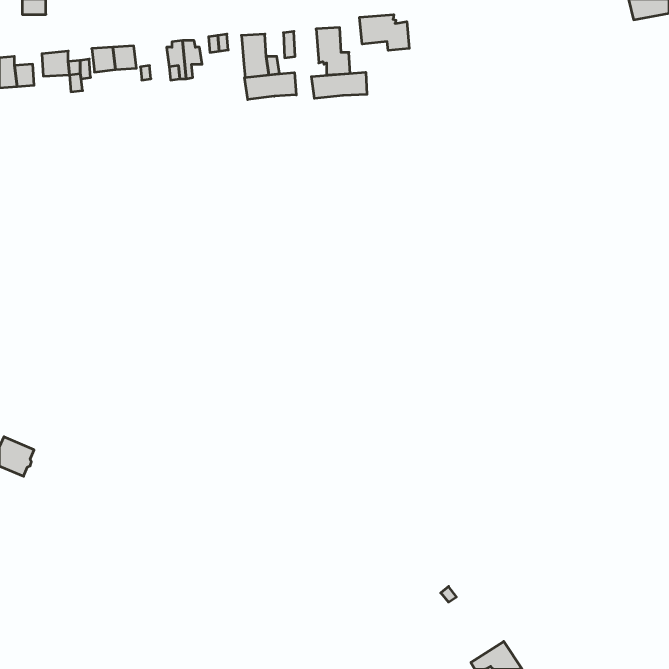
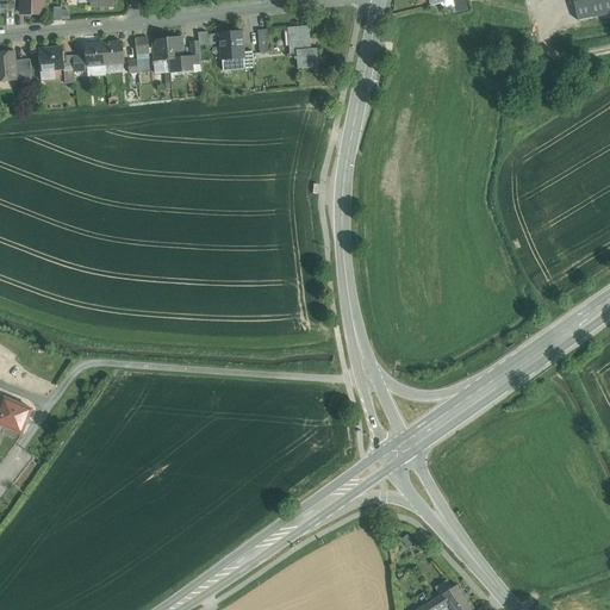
building: [360,15,409,50] -> none
building: [311,72,367,98] -> none
building: [245,73,296,100] -> none

